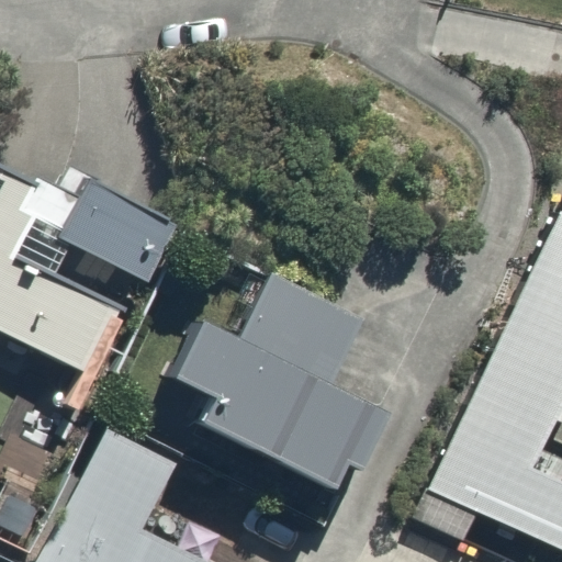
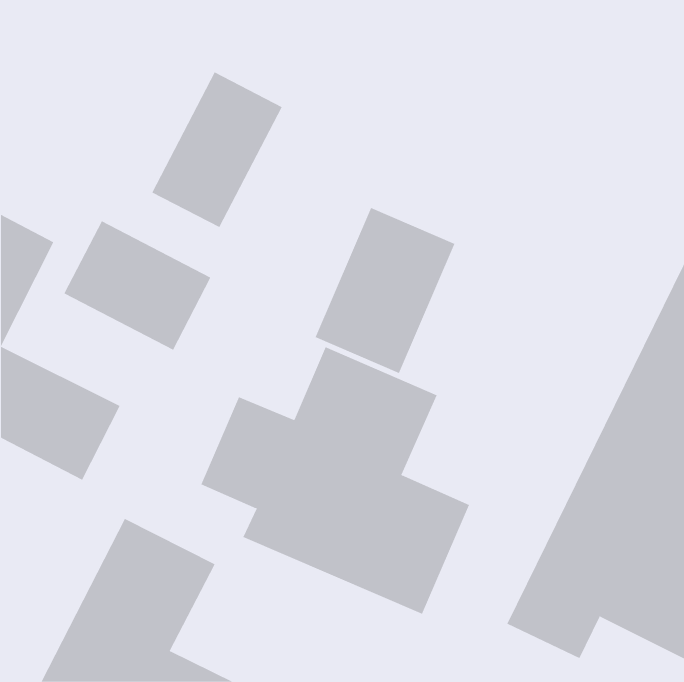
building: none -> [151,72,282,228]
building: none -> [315,207,455,374]

